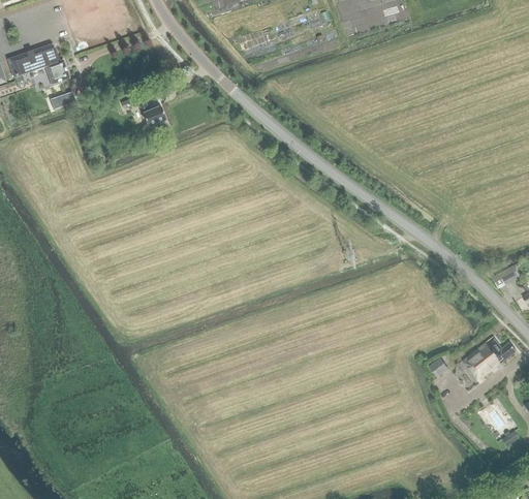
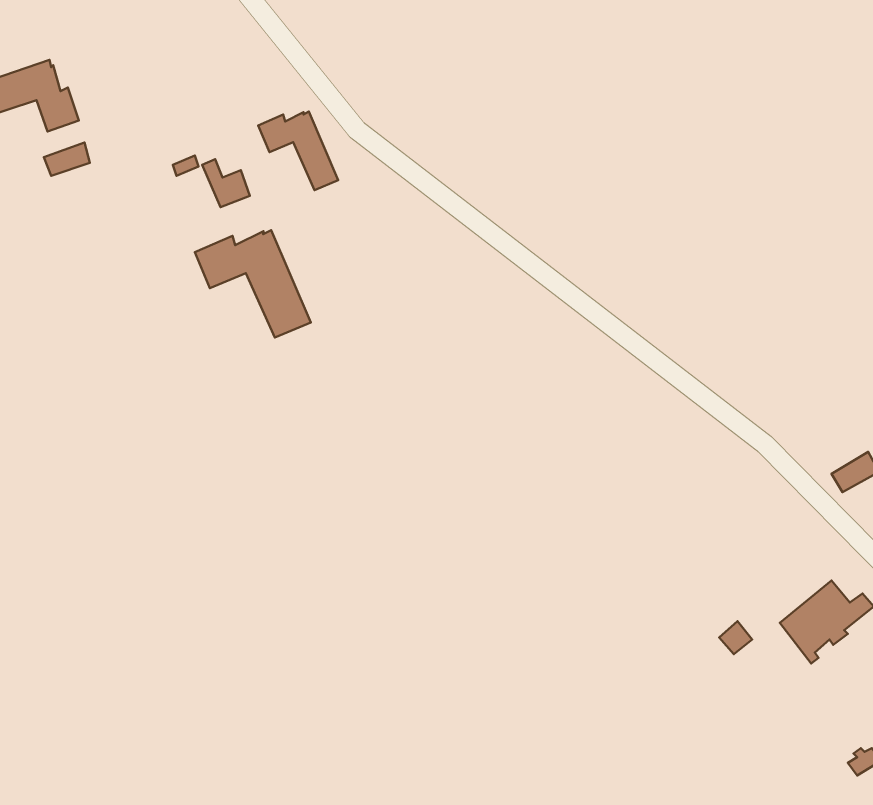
building: none -> [258,112,338,190]
building: none -> [195,230,311,337]

